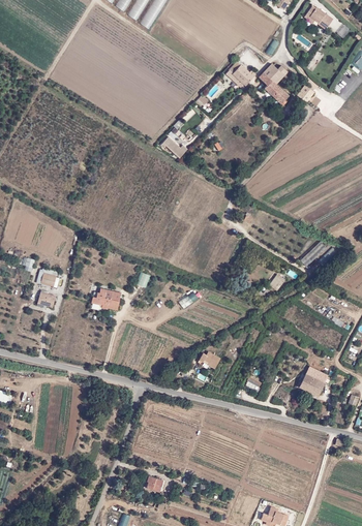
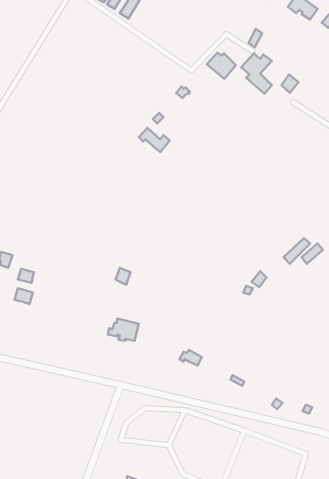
building: [91,287,121,309] -> [108,319,139,341]
building: [300,366,328,396] -> none

